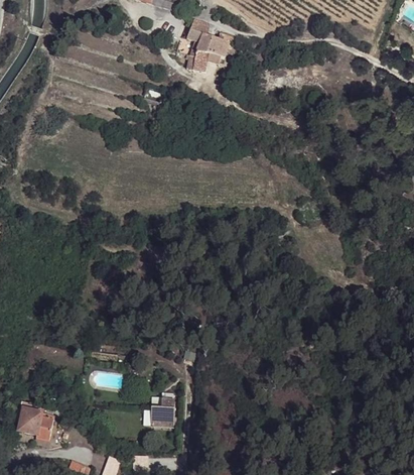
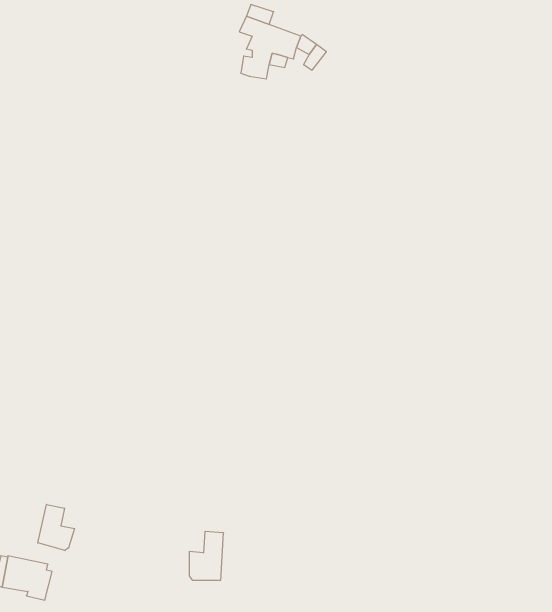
building: none -> [38,504,75,551]

